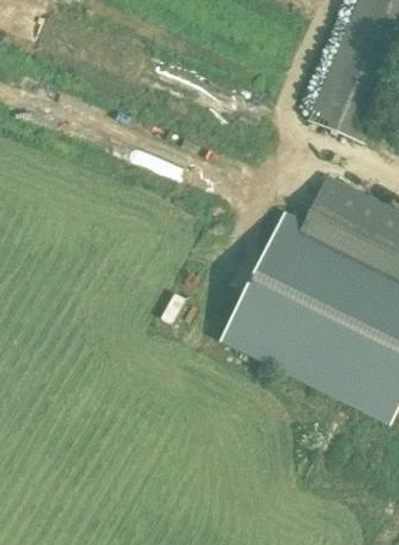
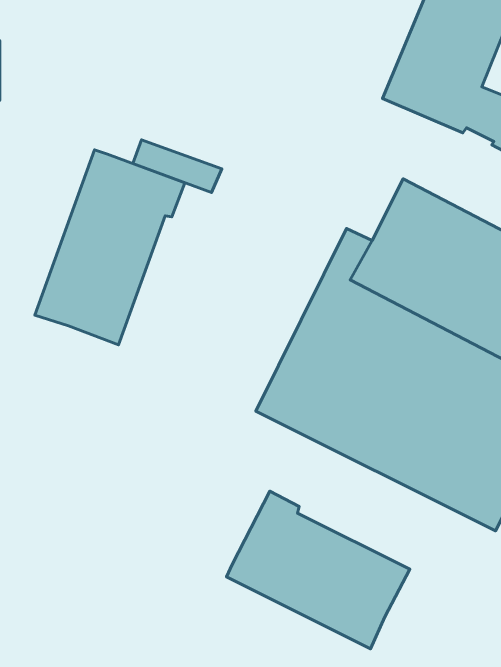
building: none -> [35,150,185,345]
building: none -> [226,491,410,649]

